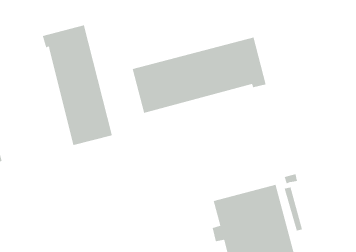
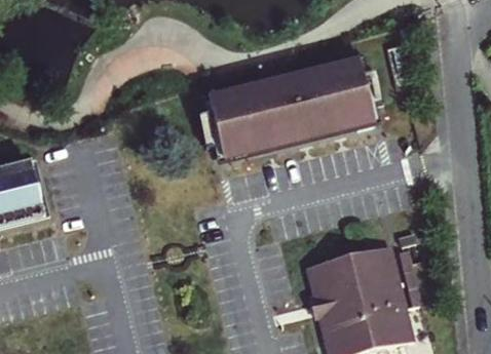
building: [42,25,112,146] -> none

